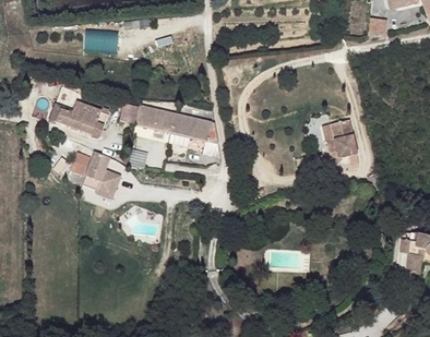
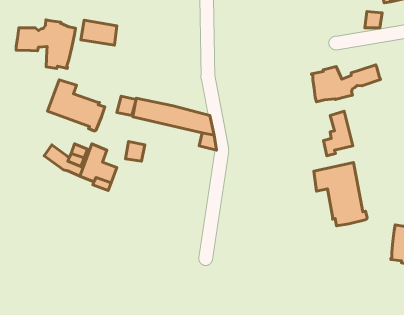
building: none -> [16,20,75,69]
building: none -> [312,65,380,102]
building: none -> [314,163,367,226]

